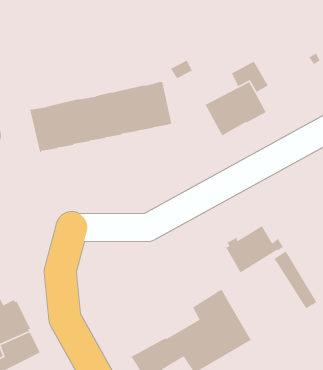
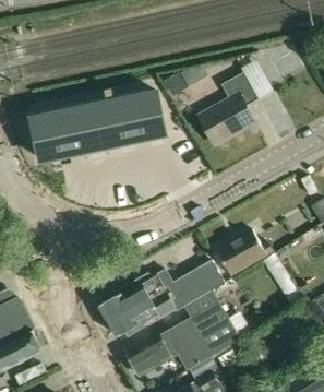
building: none -> [98,260,223,335]

